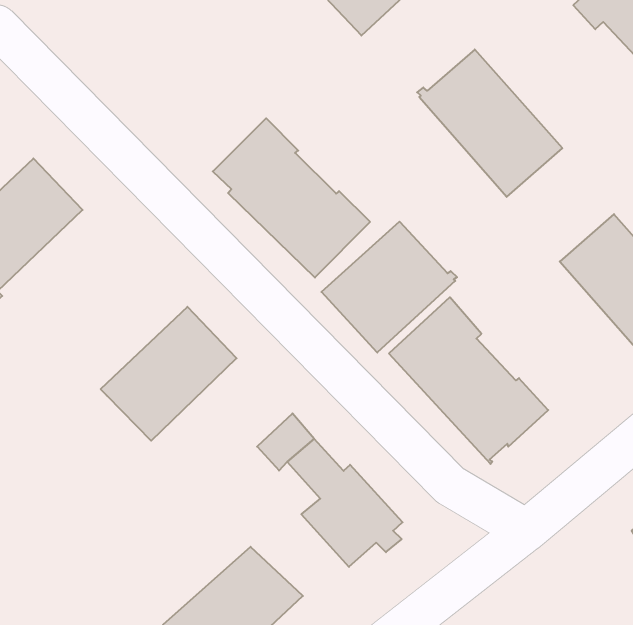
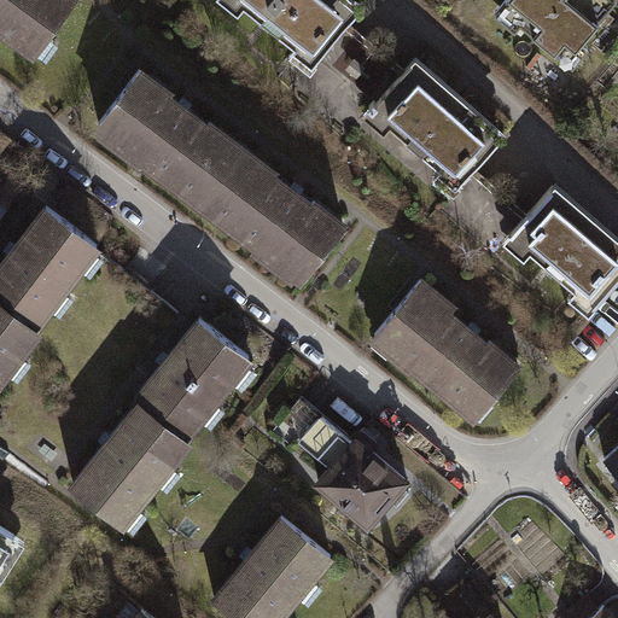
building: none -> [98,72,243,202]
building: [321,222,457,353] -> none
building: none -> [72,407,186,526]

